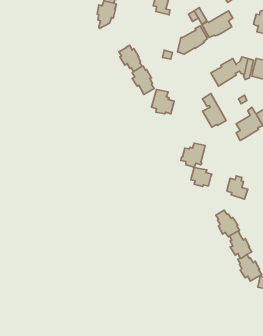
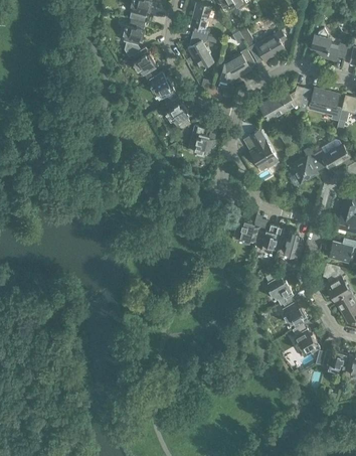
building: none -> [188,32,214,69]
building: none -> [132,48,158,82]
building: [181,143,205,167] -> [254,224,284,254]

